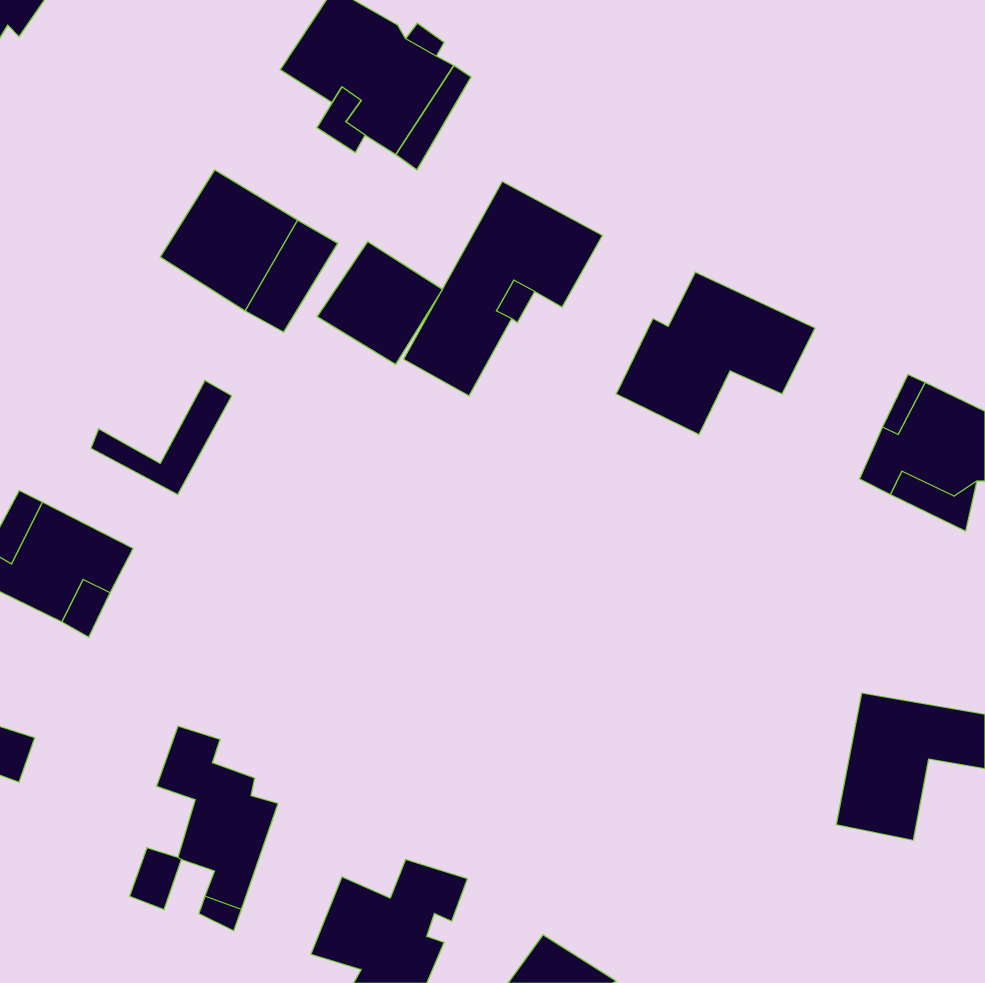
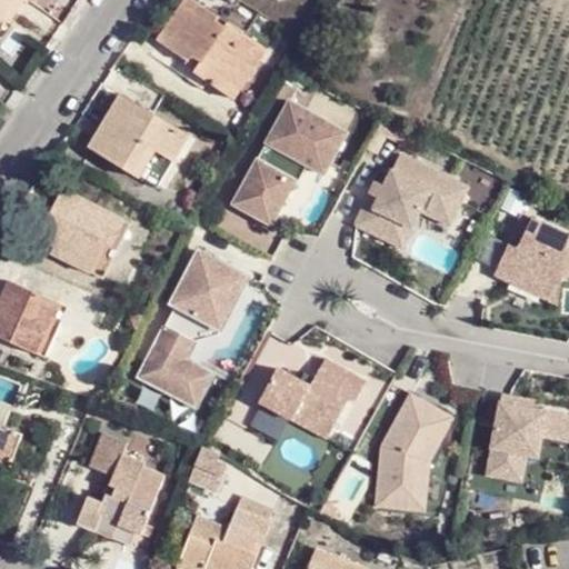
building: [317,241,443,365] -> none
building: none -> [34,190,118,267]
building: none -> [130,247,243,408]
building: none -> [254,355,360,441]
building: none -> [376,398,439,510]
building: none -> [187,450,223,490]

